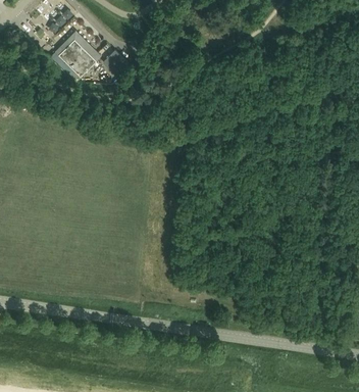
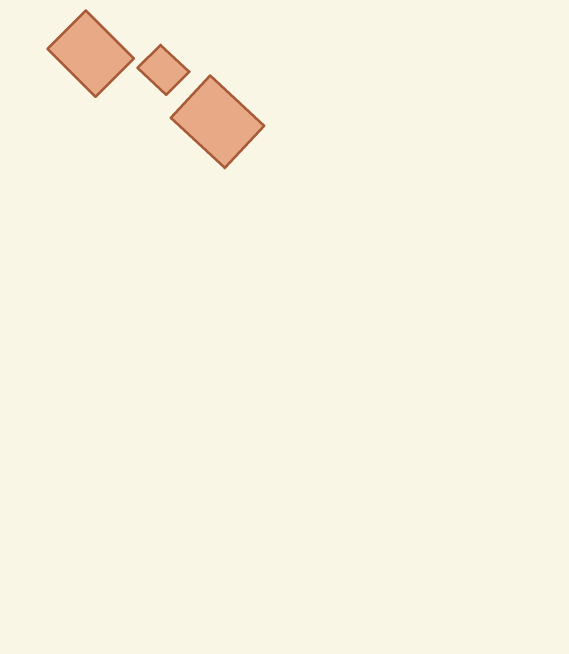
building: none -> [171,76,264,168]

